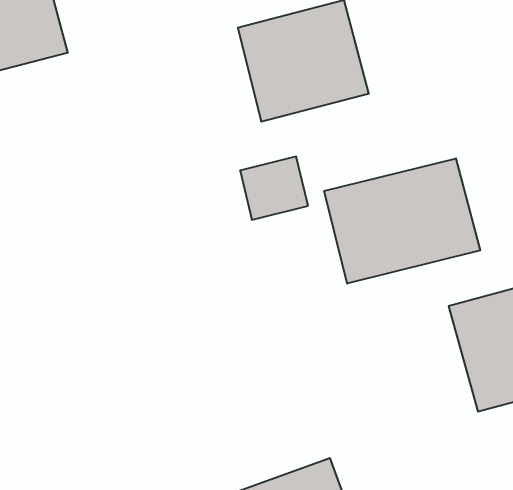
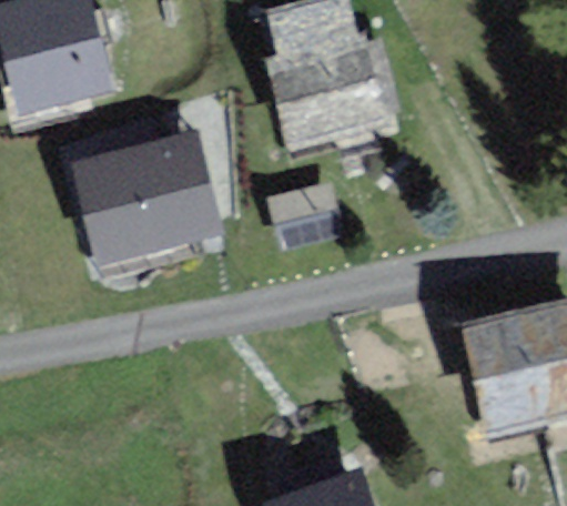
building: none -> [73,136,223,264]
building: [324,158,480,284] -> none

